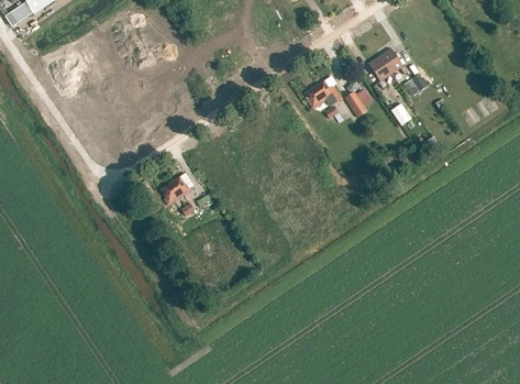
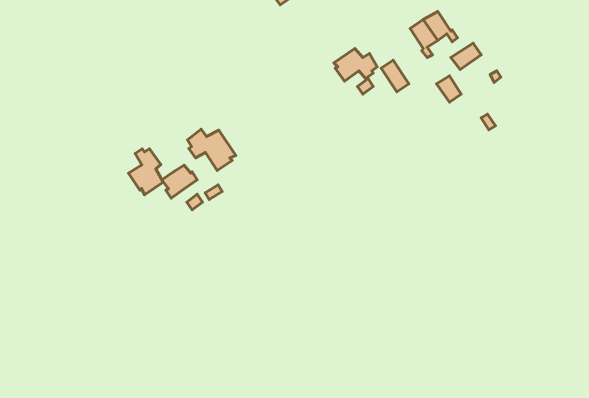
building: none -> [187,129,236,171]
building: none -> [128,149,163,195]

